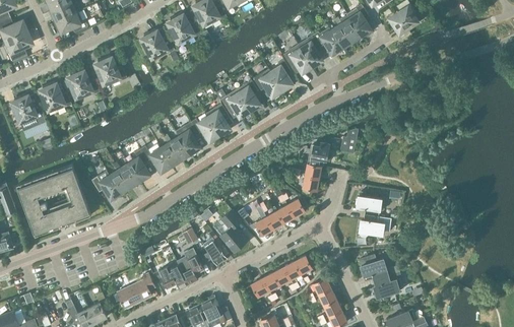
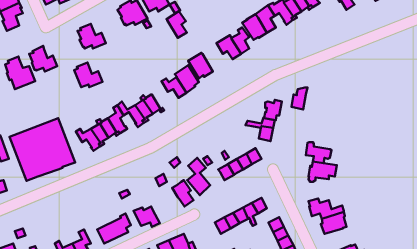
building: [67,69,100,97] -> [74,62,103,87]
building: [237,80,260,111] -> [166,11,187,38]
building: [176,122,202,155] -> none
building: [178,256,204,285] -> none

